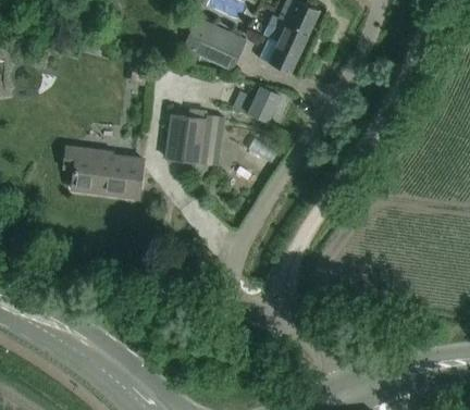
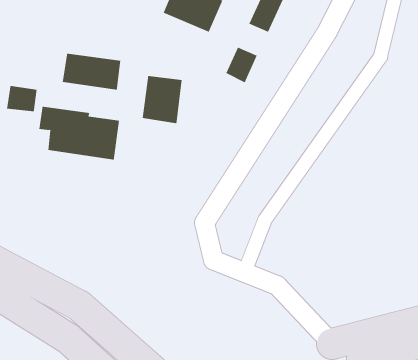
building: none -> [62,53,121,91]
building: none -> [6,85,37,112]

